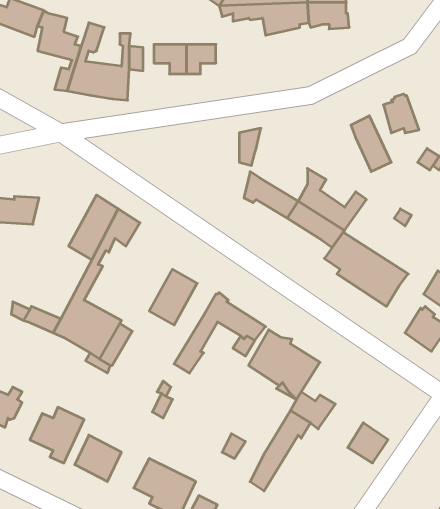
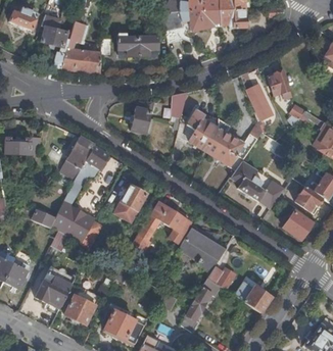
building: none -> [131,102,153,133]
building: none -> [187,109,219,140]

